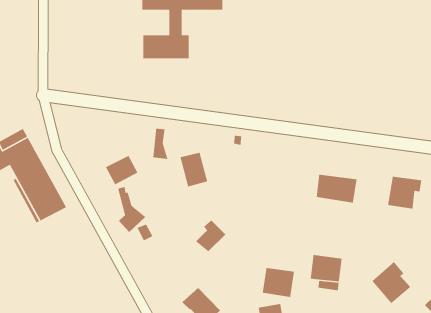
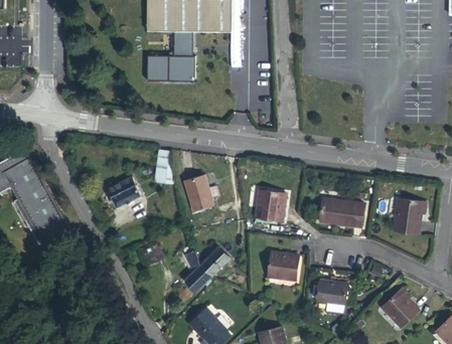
building: none -> [255,188,288,221]
building: [117,186,146,233] -> [184,245,213,293]
building: [262,267,295,298] -> [265,250,298,282]

